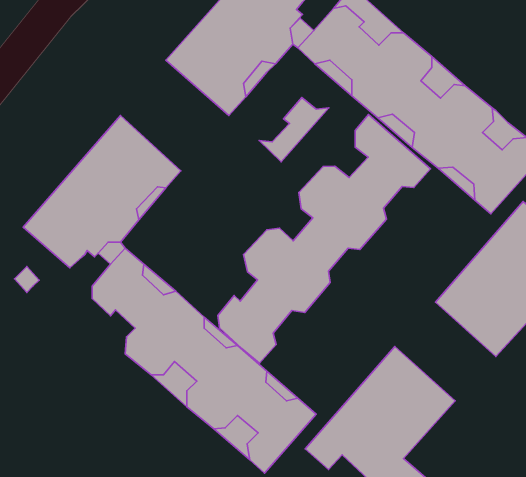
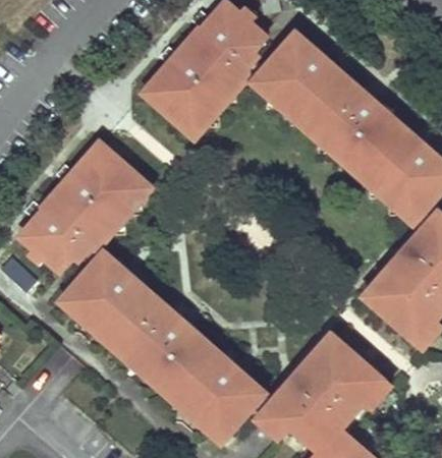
building: [259,98,329,162] -> none
building: [218,115,430,363] -> none
building: none -> [62,283,115,339]

